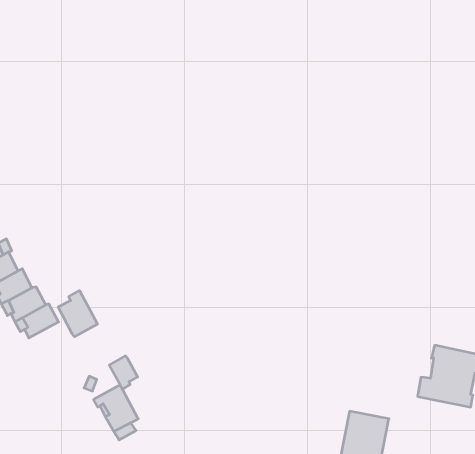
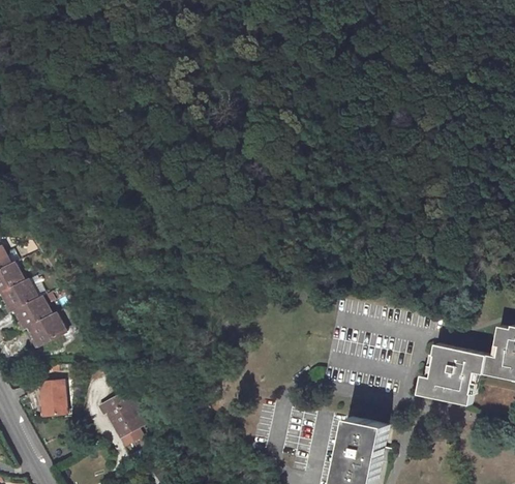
building: [58,291,97,337] -> none
building: [109,356,138,389] -> none
building: none -> [41,377,65,414]

